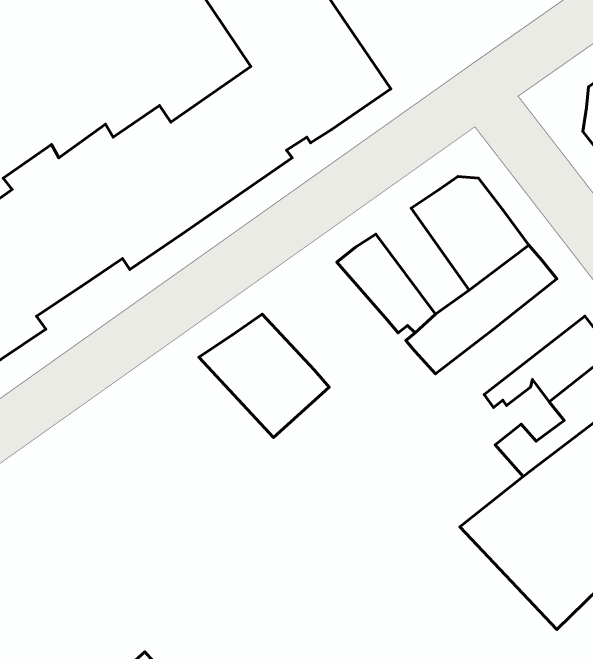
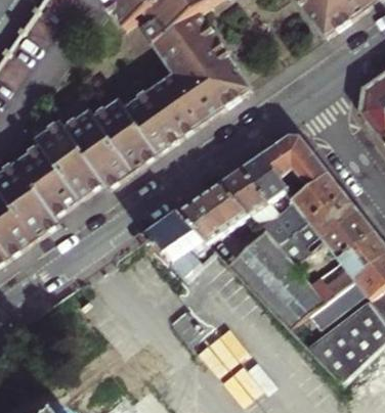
building: none -> [244,151,295,210]
building: none -> [181,181,250,240]
building: none -> [299,190,358,254]
building: none -> [230,230,325,326]

